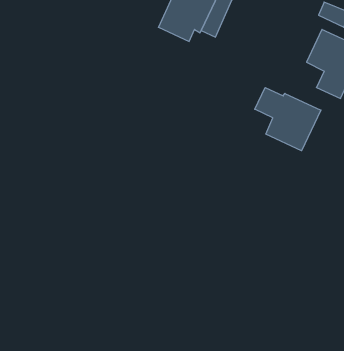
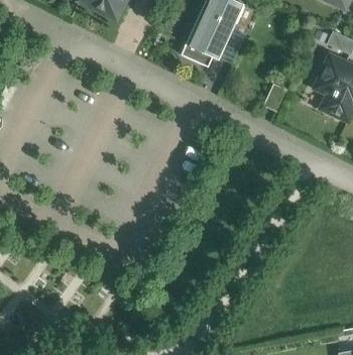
building: [255,88,321,151] -> none

